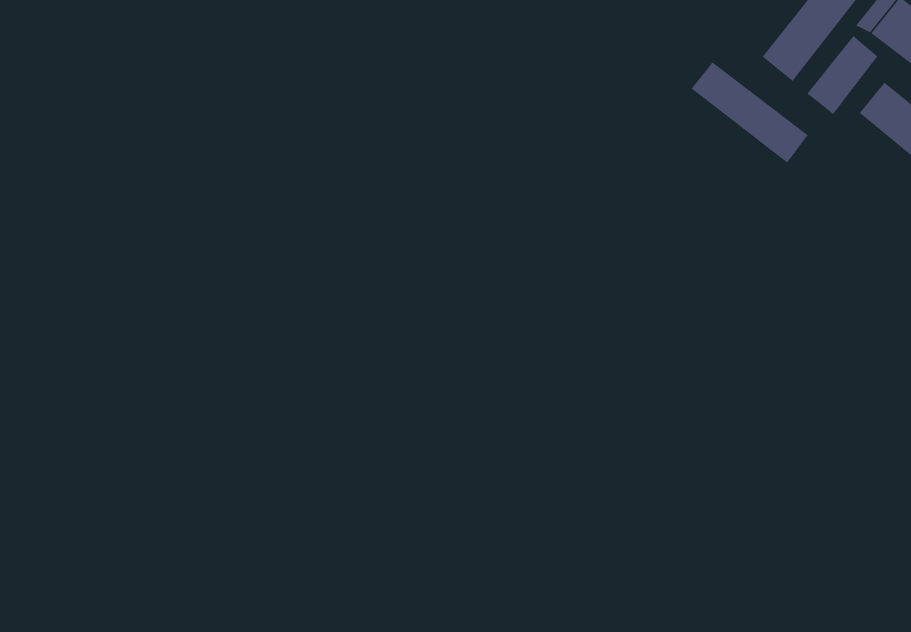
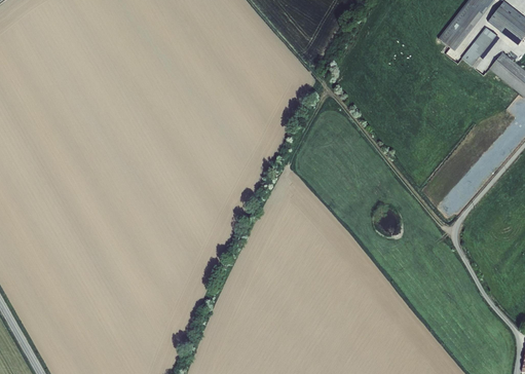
building: [691,62,808,164] -> none

